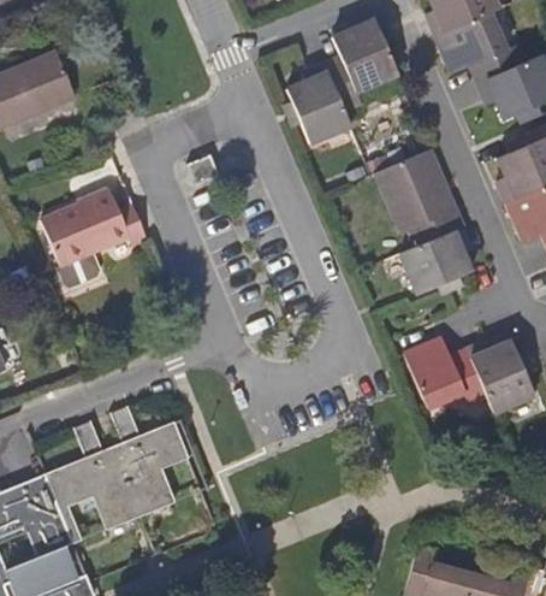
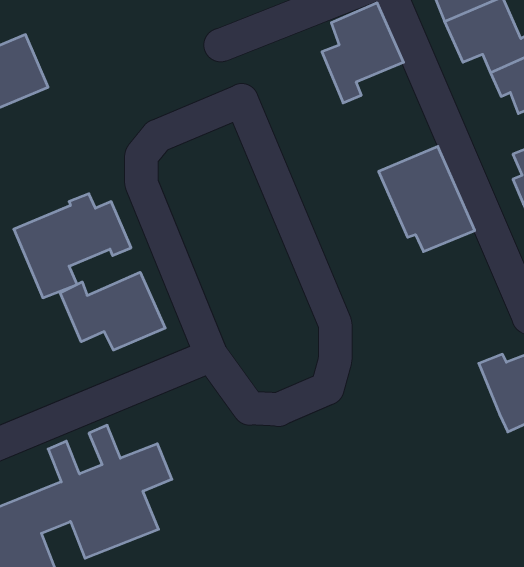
building: [286,64,350,143] -> none
building: [402,228,471,294] -> none
building: none -> [60,272,165,350]
building: [404,338,486,407] -> none

